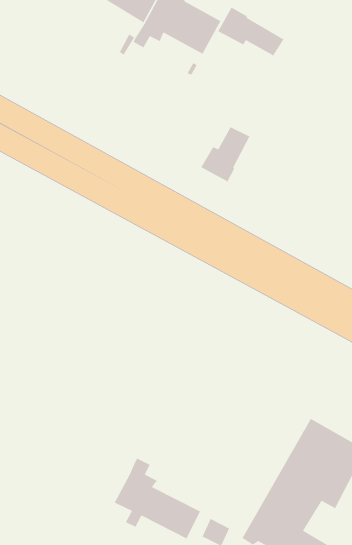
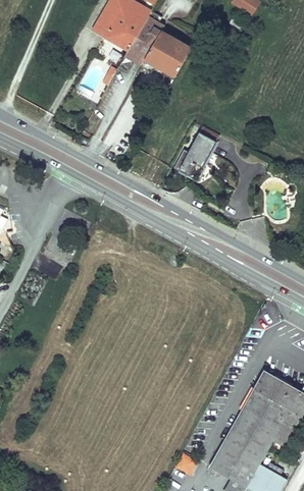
building: [217,7,284,56] -> none
building: [114,458,201,539] -> none

